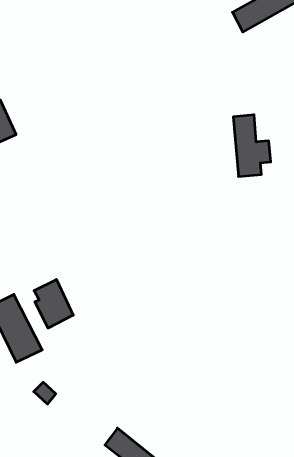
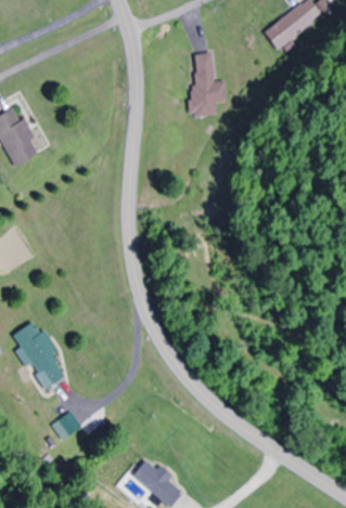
building: [233,115,271,176] -> [191,52,230,116]
building: [34,279,73,328] -> none

